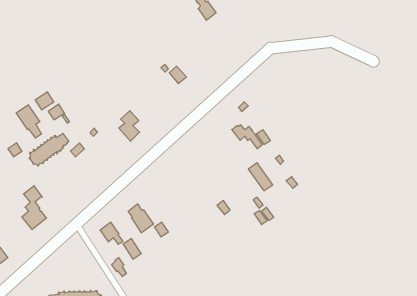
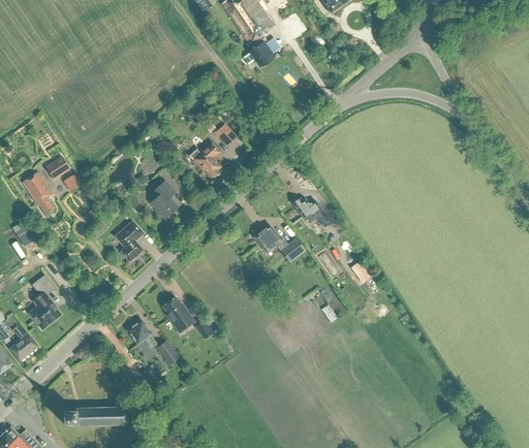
building: none -> [189,142,222,178]
building: [29,133,69,166] -> none
building: none -> [116,222,144,262]
building: none -> [254,225,306,262]
building: none -> [10,324,38,361]

